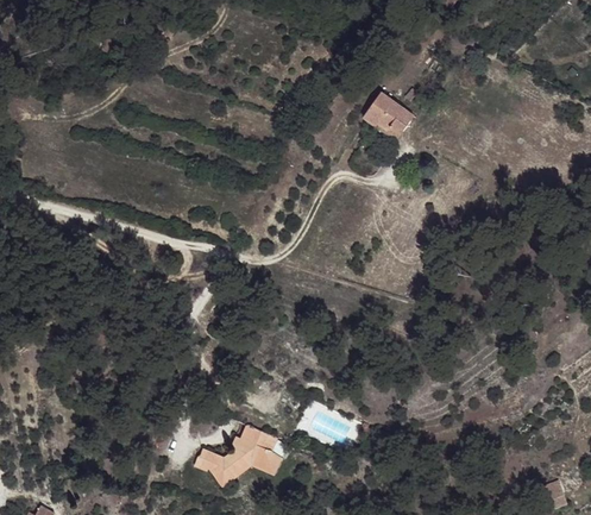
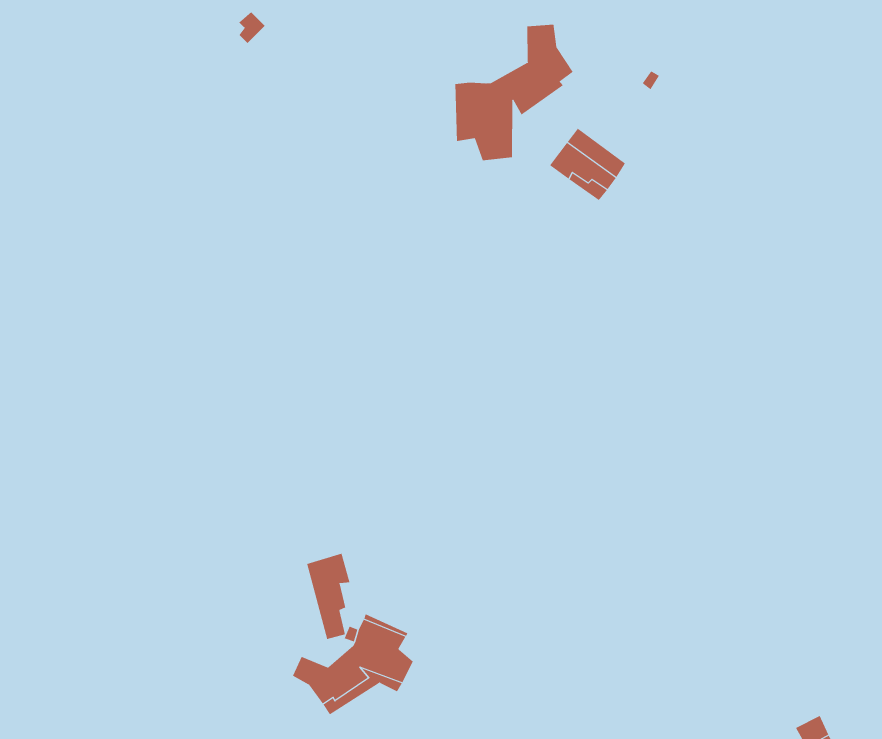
building: none -> [455,24,574,161]
building: none -> [306,553,350,640]

